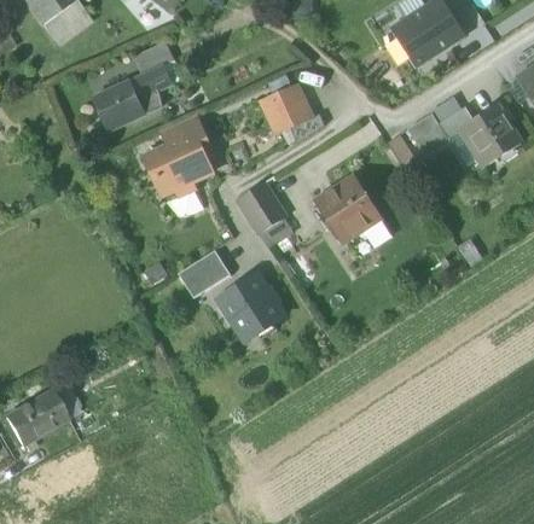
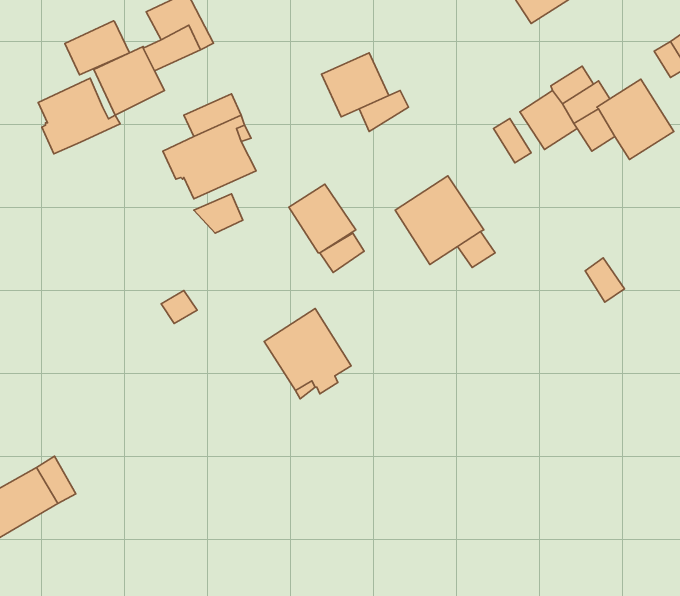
building: none -> [65,21,129,75]
building: none -> [38,78,120,154]
building: [178,249,230,297] -> none

